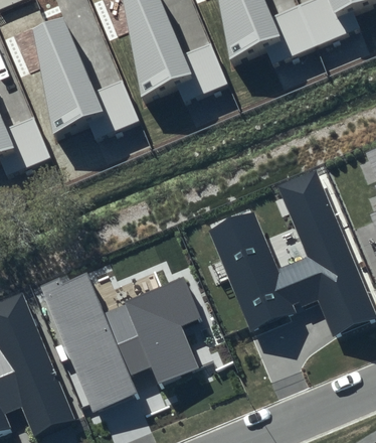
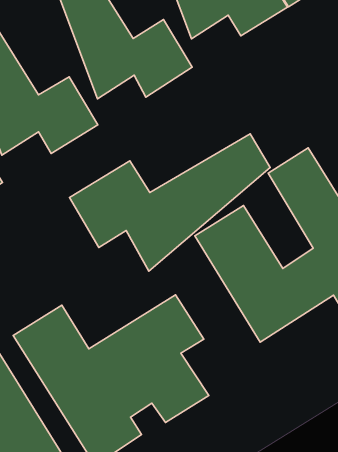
building: none -> [69,134,270,271]

